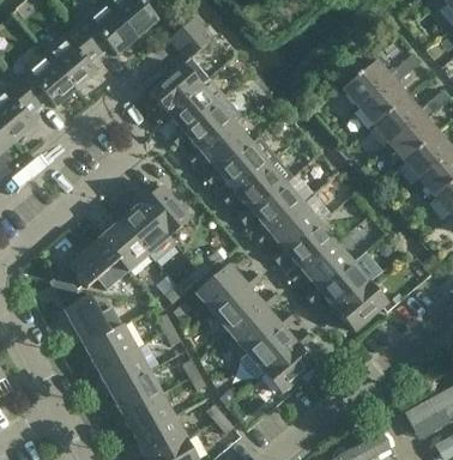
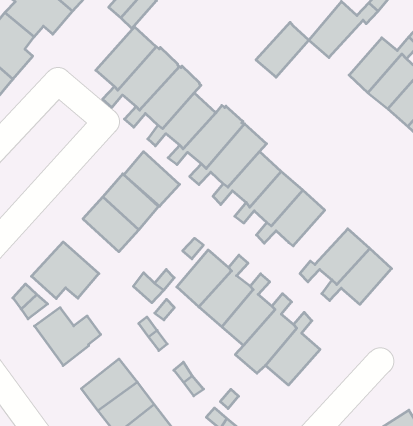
building: [358,80,407,127] -> [256,22,309,77]
building: [101,220,149,271] -> [124,152,180,206]
building: [289,243,354,290] -> none
building: [85,325,135,370] -> none

